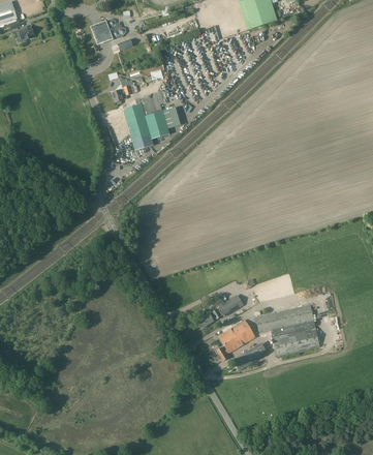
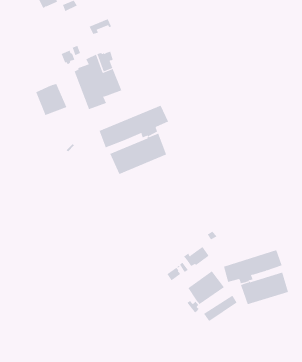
building: none -> [35,83,67,116]
building: none -> [99,105,169,175]

